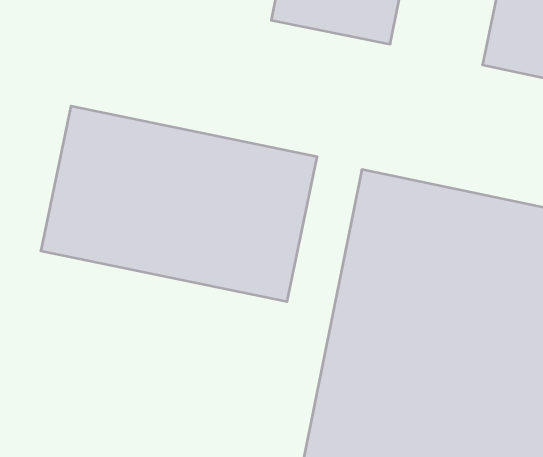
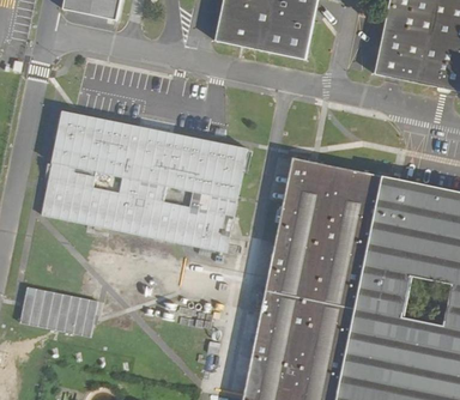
building: none -> [20,285,97,335]

